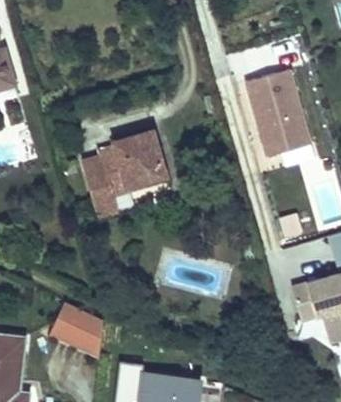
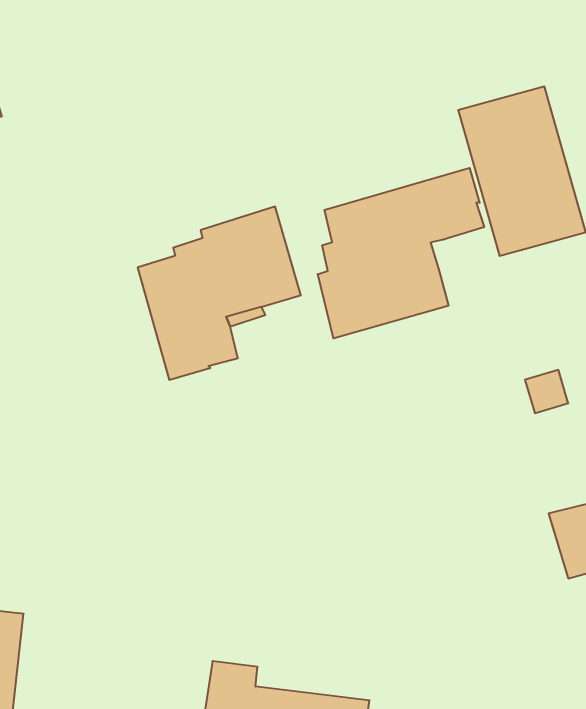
building: none -> [318,168,484,338]
building: [51,302,105,355] -> none

